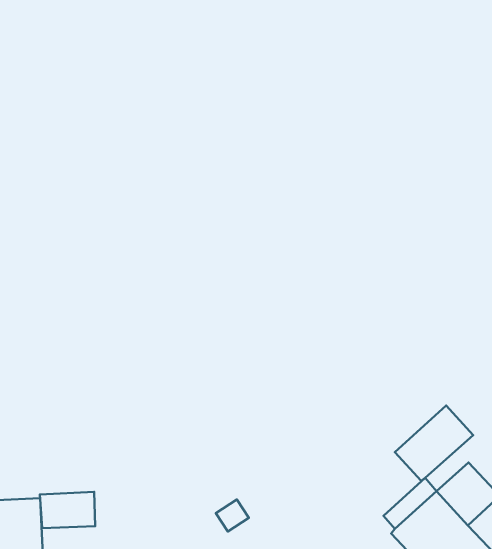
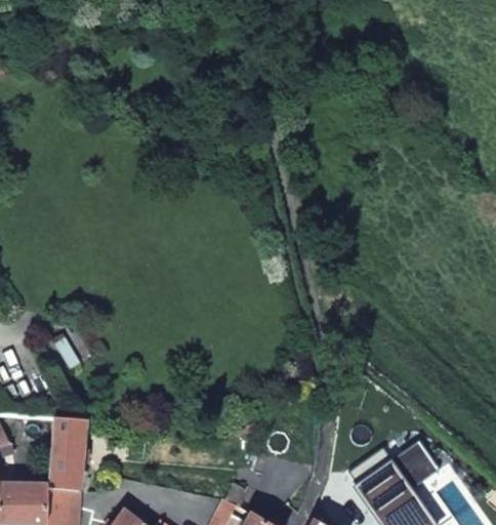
building: [395,406,473,481] -> none
building: [40,492,95,528] -> none

